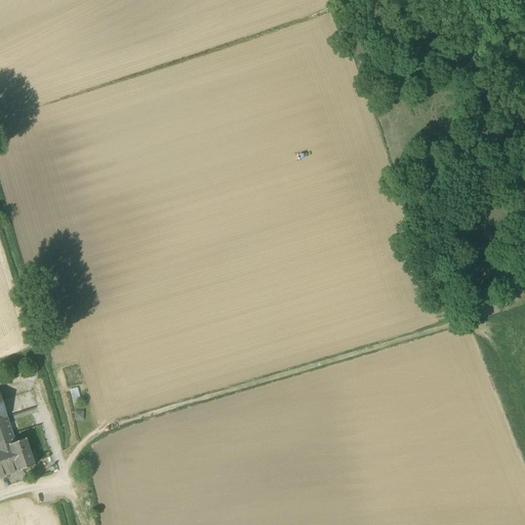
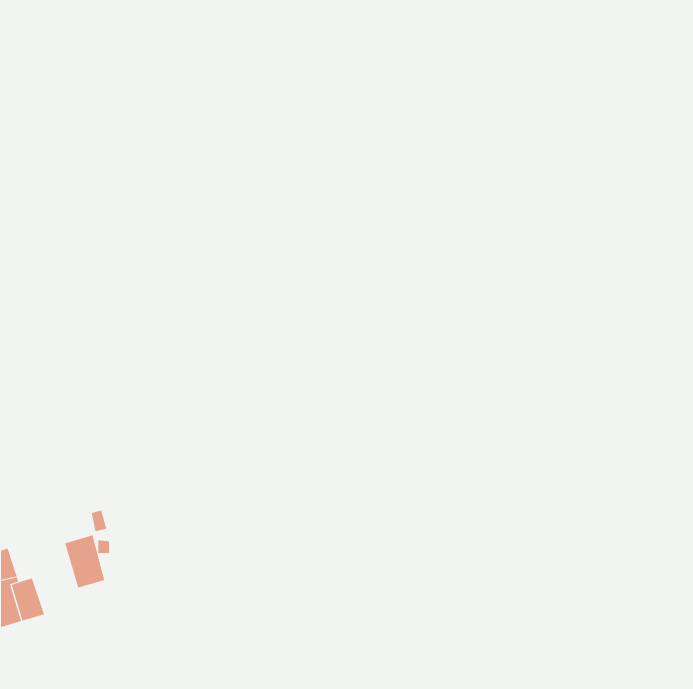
building: none -> [65,534,105,588]

